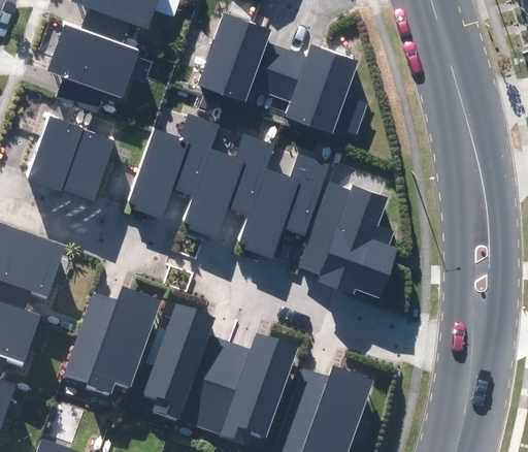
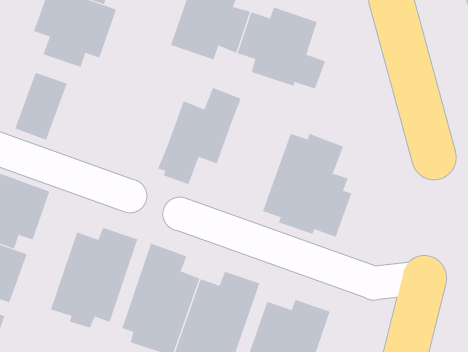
building: [126,114,220,219] -> none
building: [62,130,114,200] -> none
building: [239,151,331,258] -> none

